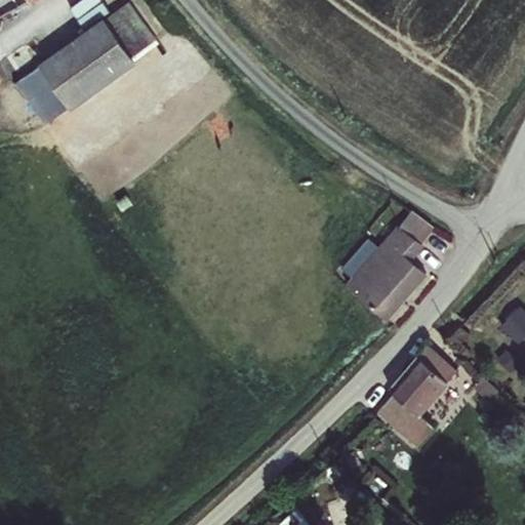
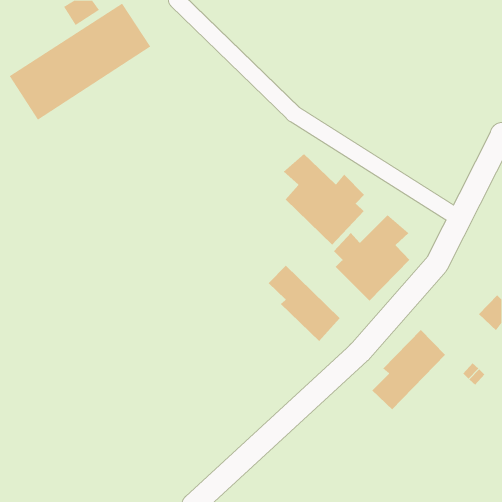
building: none -> [283,153,365,245]
building: none -> [268,265,340,342]

